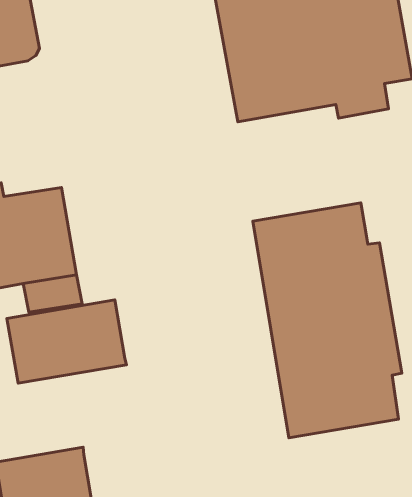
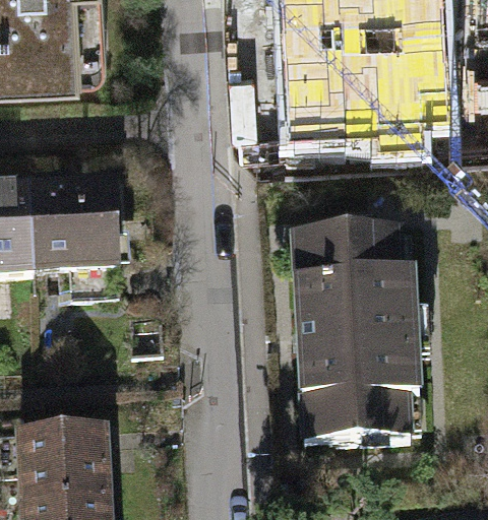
building: [7,300,126,383] -> none

